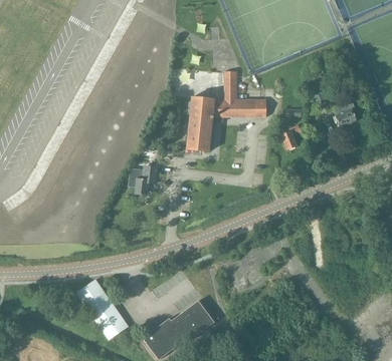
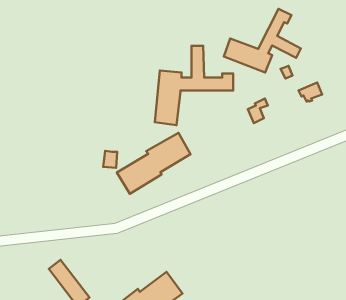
building: none -> [224,9,301,72]
building: none -> [117,133,190,194]

